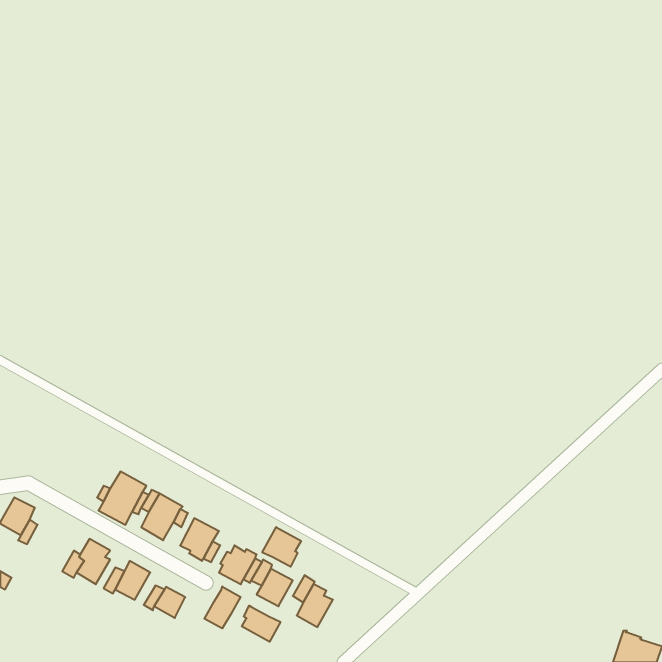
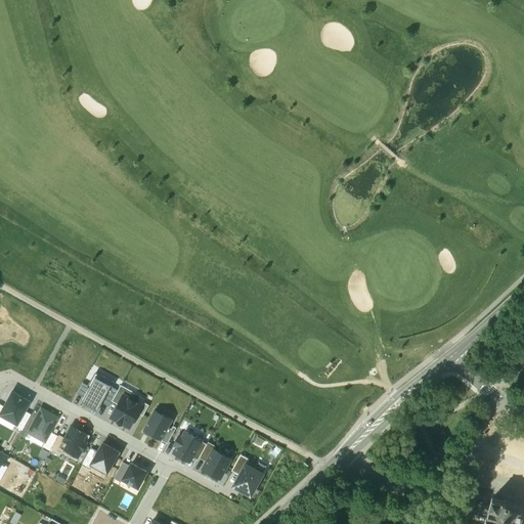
building: none -> [27,407,58,442]
building: [262,527,301,567] -> none
building: [204,586,241,628] -> none
building: [242,606,280,642] -> none

